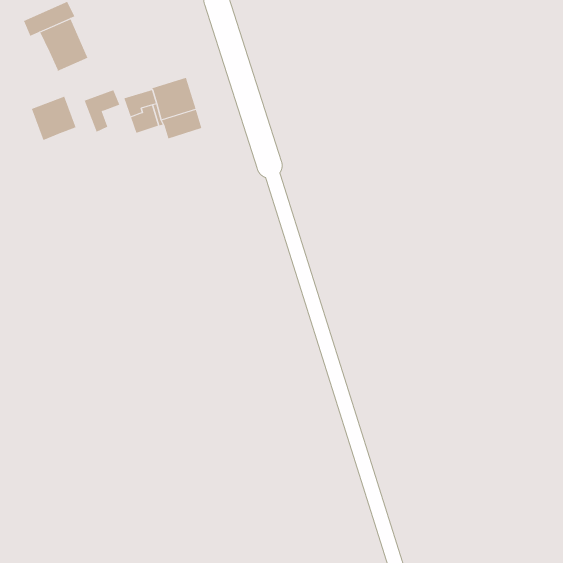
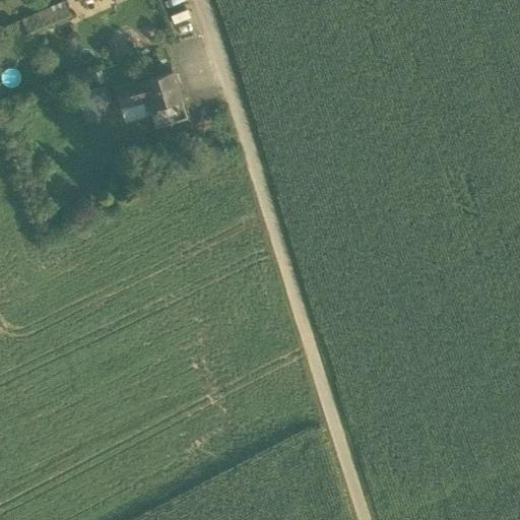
building: [40,18,88,72] -> none
building: [31,96,77,141] -> none

